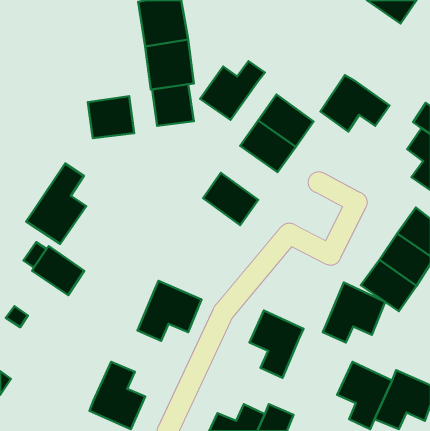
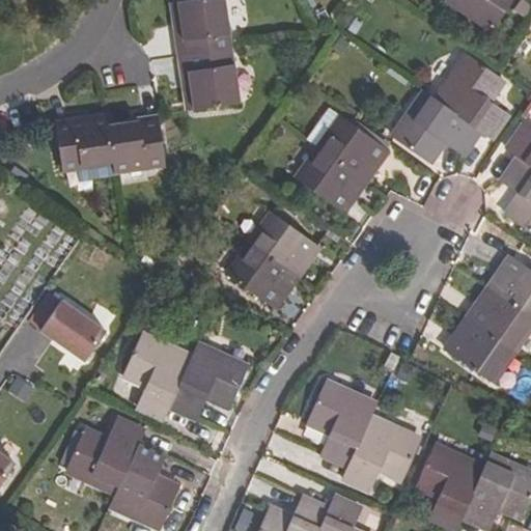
building: none -> [438,56,507,137]
building: [200,61,265,120] -> none
building: [152,84,194,126] -> none
building: none -> [57,116,114,169]
building: [26,163,86,244] -> none
building: none -> [229,244,297,308]
building: none -> [123,336,191,418]
building: [323,283,385,342] -> [343,416,420,490]
building: none -> [66,419,144,493]

